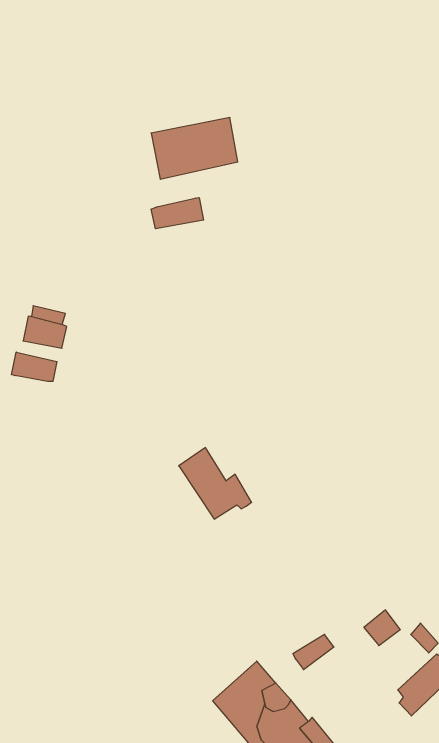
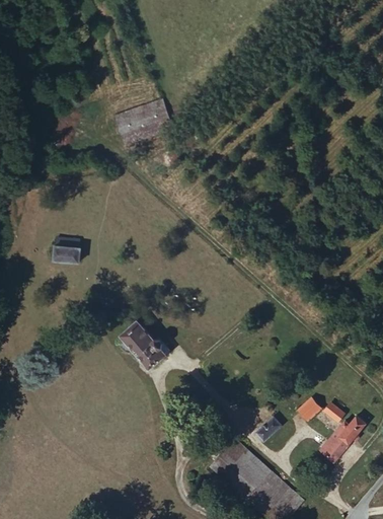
building: [151,198,204,229] -> none
building: [12,352,57,381] -> none
building: [179,448,252,519] -> [122,321,171,366]

